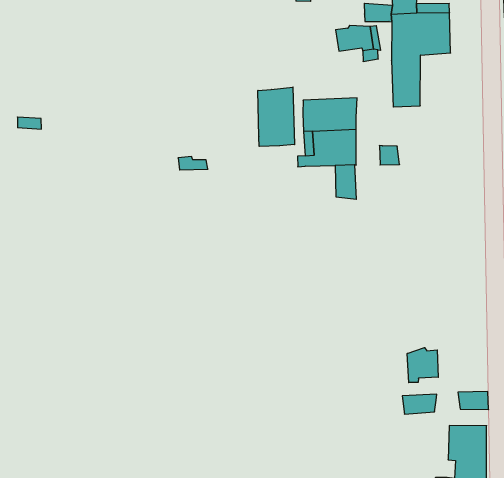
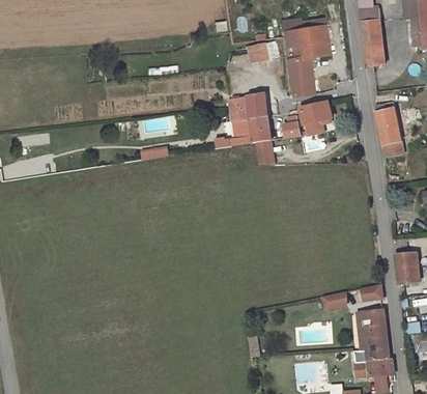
building: [258,87,295,146] -> none
building: none -> [298,102,330,134]
building: [407,348,438,383] -> none

